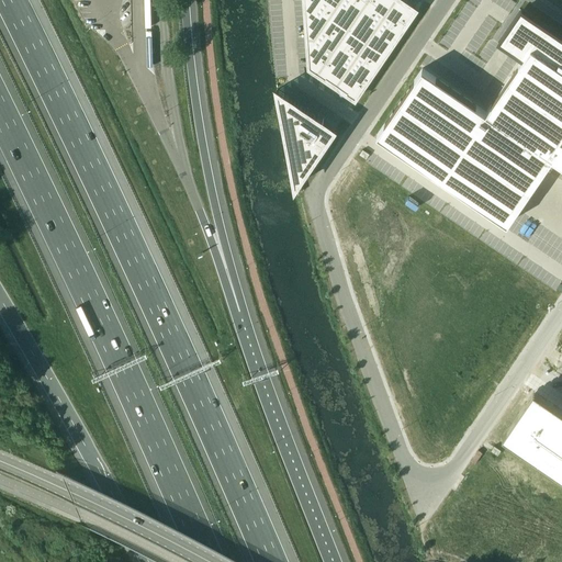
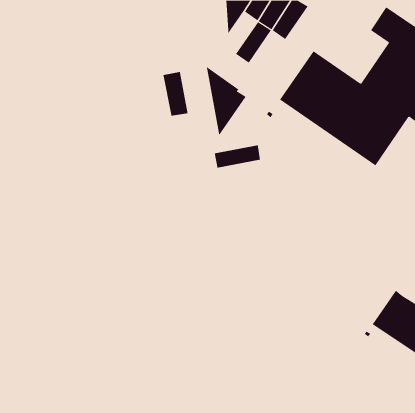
building: [308,20,349,77] -> none
building: [337,45,386,102] -> none
building: none -> [163,71,188,117]
building: none -> [214,145,261,168]

